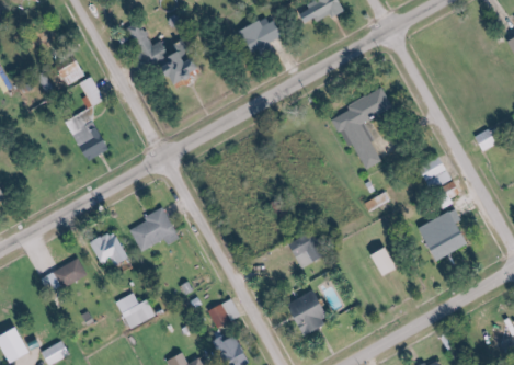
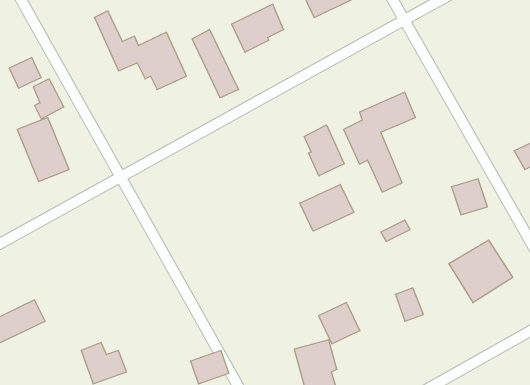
building: none -> [192,29,239,98]
building: none -> [304,125,344,176]
building: none -> [300,184,354,231]
building: [128,206,178,251] -> none
building: [91,230,129,266] -> none
building: [289,232,323,266] -> [319,303,360,344]

